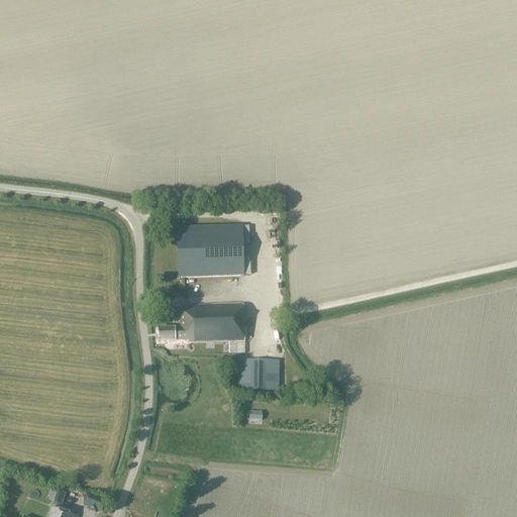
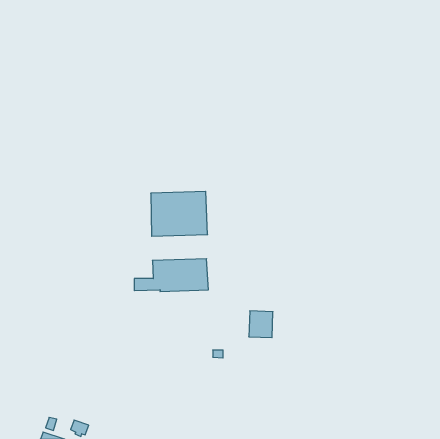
building: [249,358,278,390] -> [249,311,273,338]

